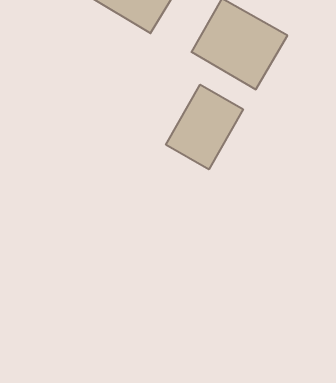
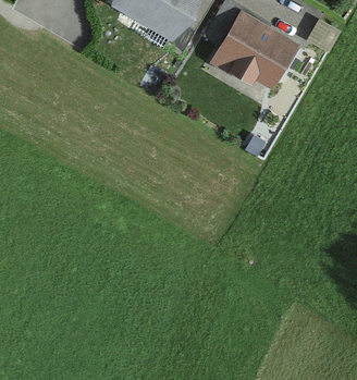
building: [166,85,243,169] -> none

